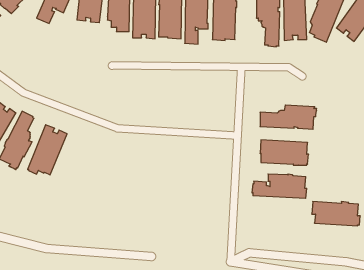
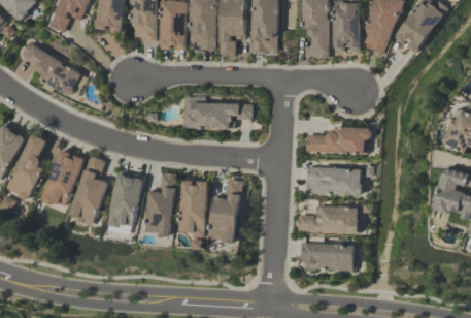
building: none -> [21,41,80,95]
building: none -> [182,95,253,129]
building: none -> [69,155,108,226]
building: none -> [107,170,143,234]
building: none -> [145,172,176,236]
building: none -> [210,179,243,243]
building: none -> [179,180,208,237]
building: [312,202,360,226] -> [300,243,356,271]

